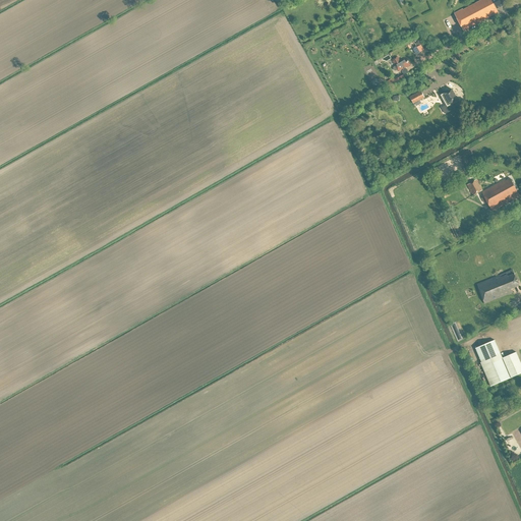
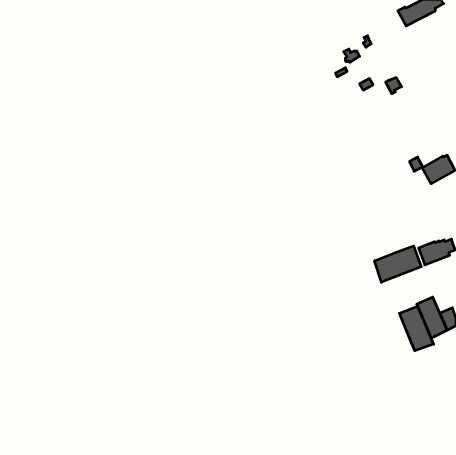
building: none -> [375,246,421,282]
building: none -> [399,306,434,351]

